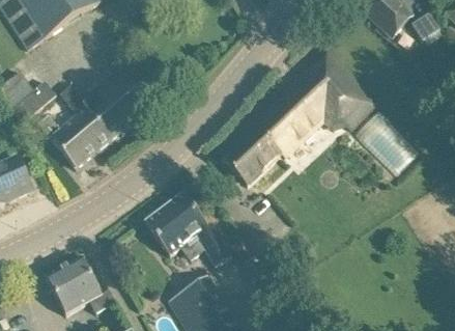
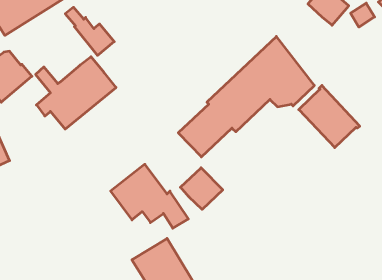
building: [39,114,94,168] -> [65,7,114,55]
building: none -> [180,168,223,209]
building: [46,256,116,313] -> none

